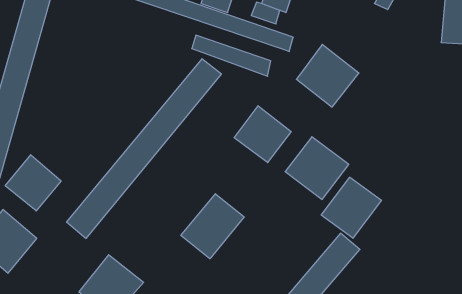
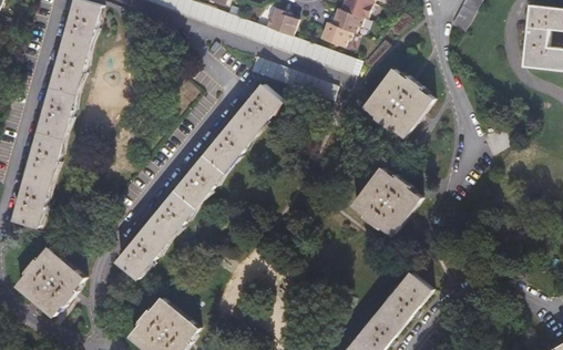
building: [234,106,291,163] -> none
building: [5,155,61,211] -> none
building: [321,177,381,238] -> none
building: [181,194,244,259] -> none

